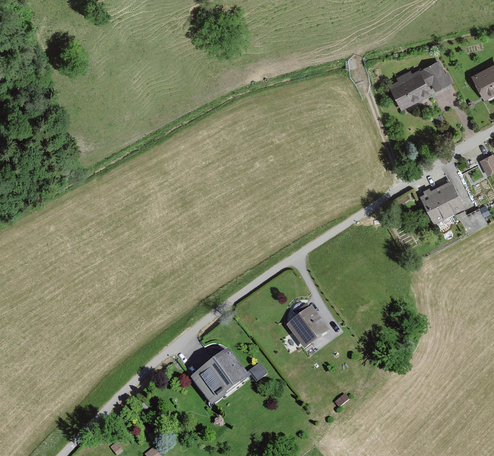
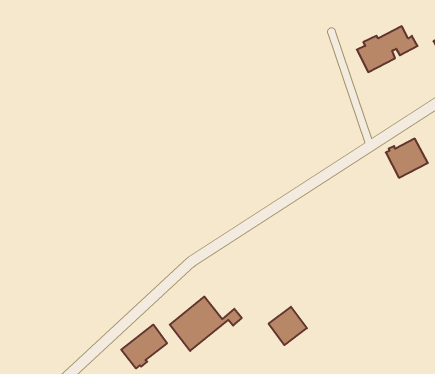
building: [287,307,328,348] -> [269,307,307,345]
building: none -> [121,325,167,368]

